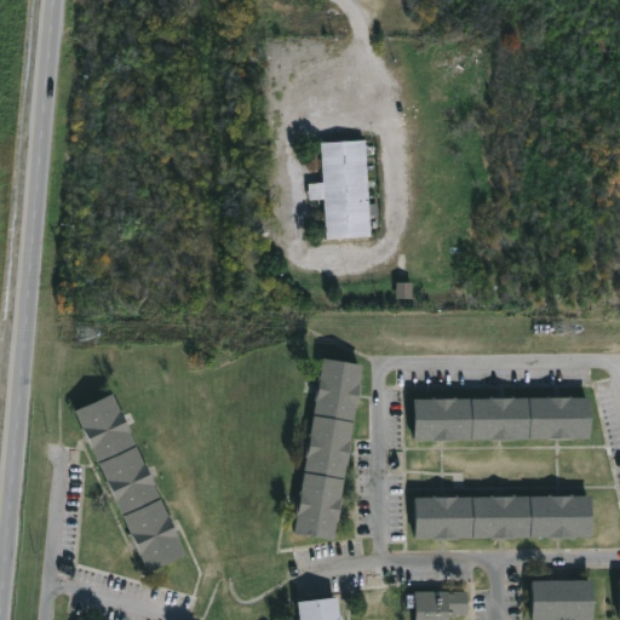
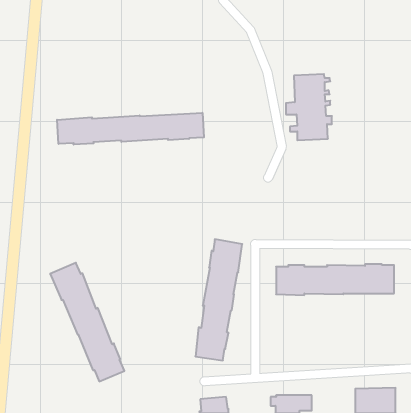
building: [308,139,377,239] -> [286,74,332,140]
building: none -> [57,113,204,145]
building: [414,494,592,540] -> none

